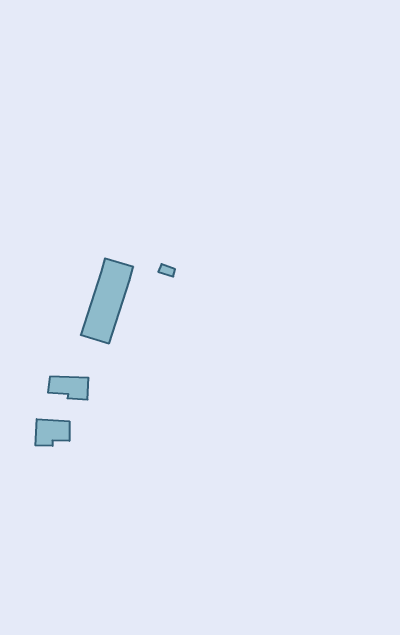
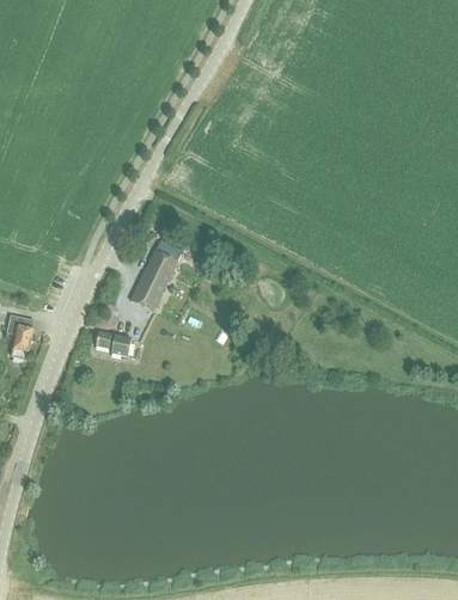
building: [35,419,69,446] -> none

